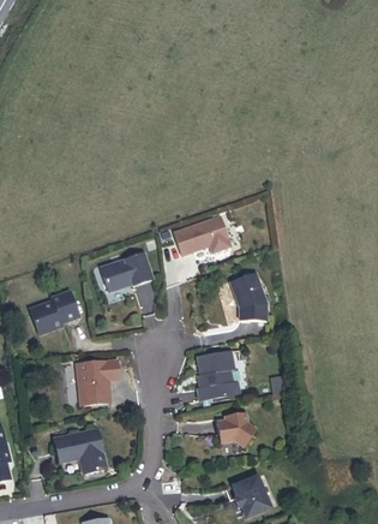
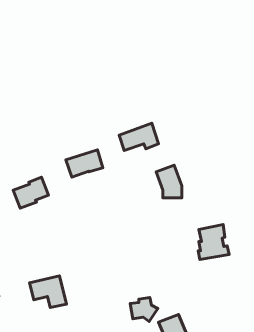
building: [199,349,242,398] -> [198,224,229,260]
building: [74,358,118,405] -> none
building: [212,412,251,446] -> [130,297,158,321]

